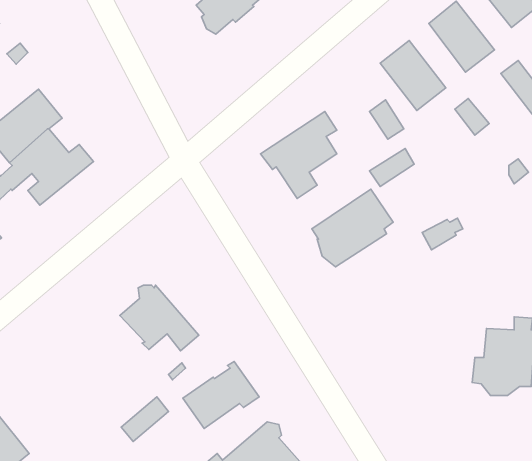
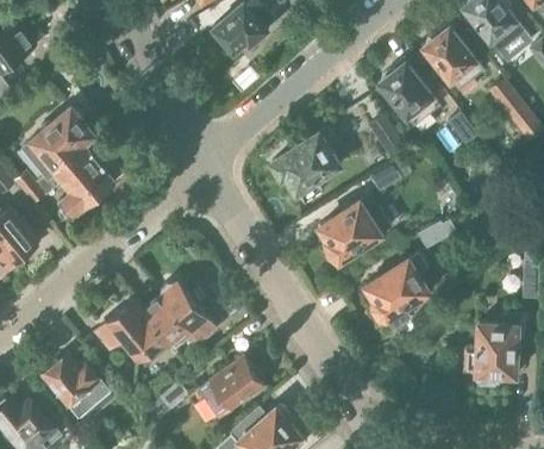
building: none -> [362,250,430,326]
building: none -> [96,299,167,358]
building: none -> [43,351,111,417]

